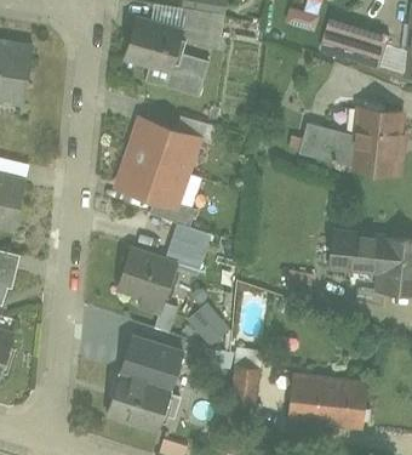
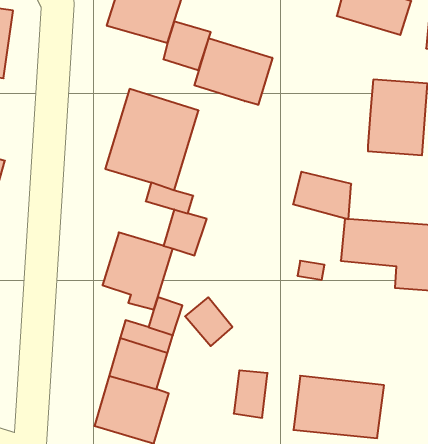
building: none -> [194,38,272,105]
building: [301,123,353,165] -> [293,172,351,219]

